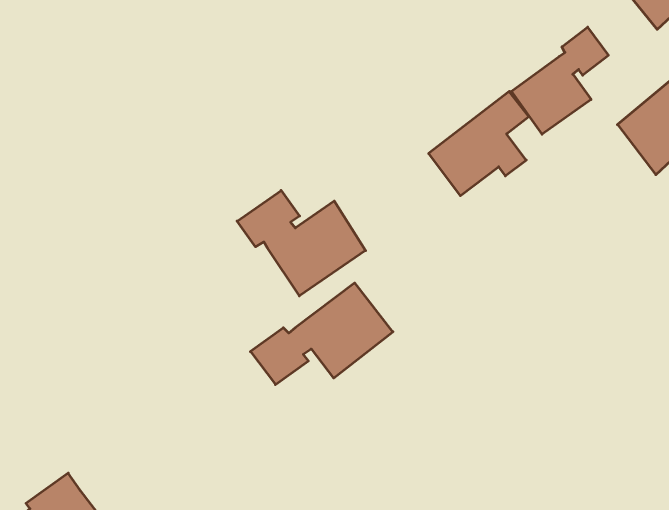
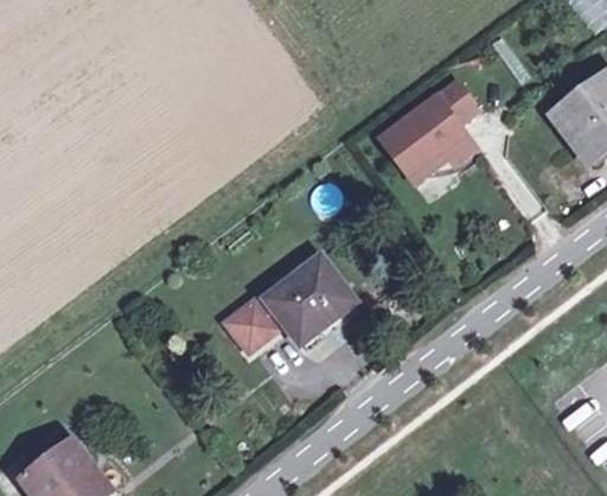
building: [511,27,608,134] -> none
building: [237,190,366,296] -> none

